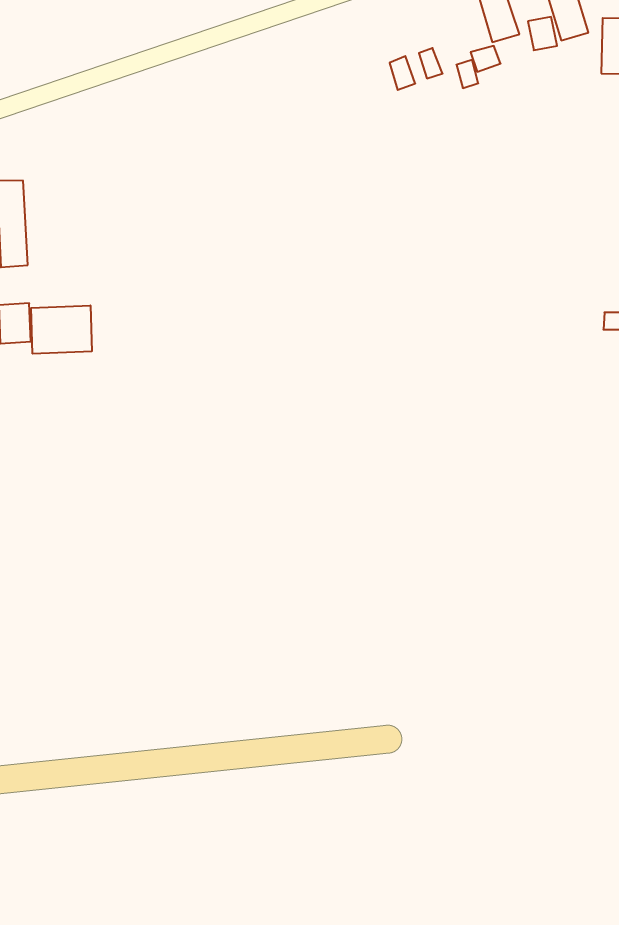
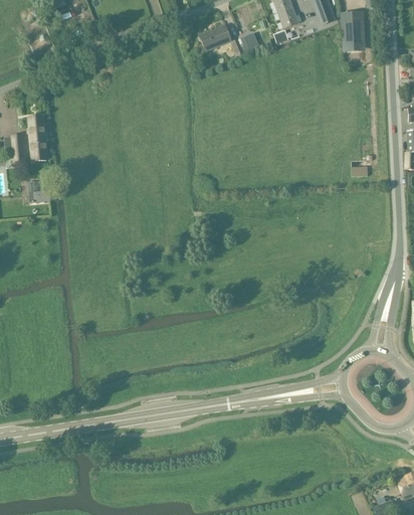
building: none -> [200,24,231,50]
building: [31,305,92,354] -> none

